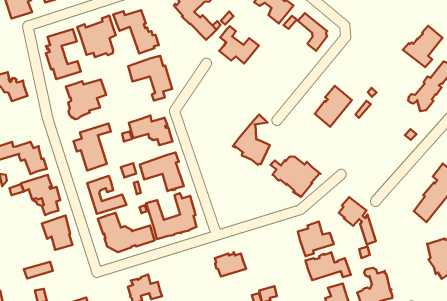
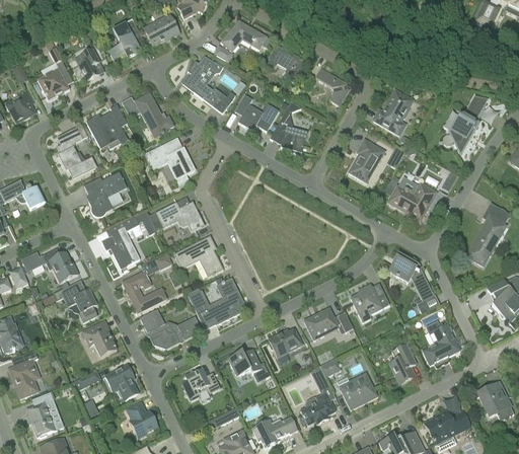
building: [403,26,443,67] -> [373,90,413,134]
building: [233,114,270,165] -> [270,100,308,153]
building: [270,156,320,197] -> [383,179,437,220]
building: [306,252,351,280] -> [304,307,354,339]
building: none -> [105,364,139,399]
building: none -> [228,349,271,381]

